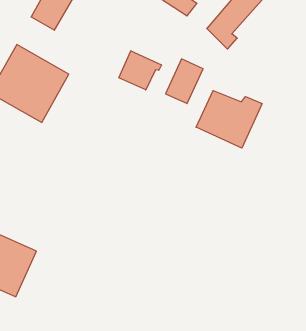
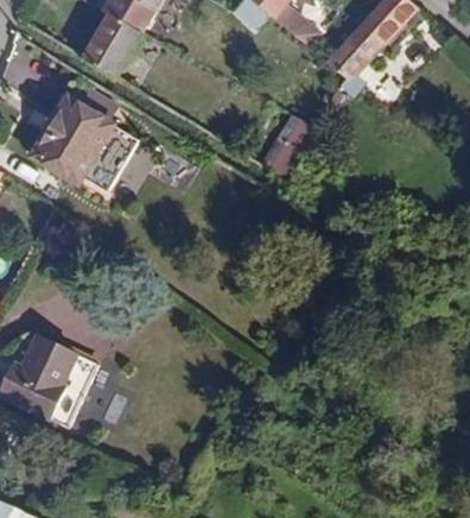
building: [119,51,162,90] -> none
building: [196,91,262,148] -> none

